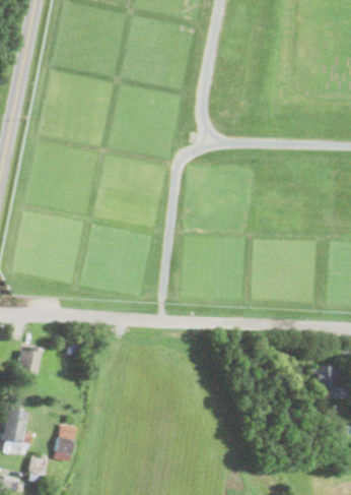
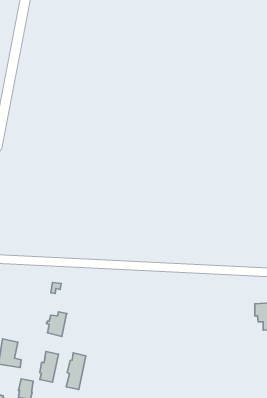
building: [18,345,43,374] -> [47,312,67,336]
building: none -> [66,353,86,390]

